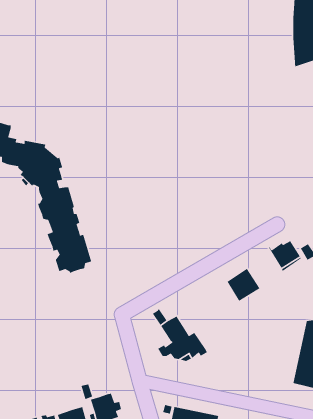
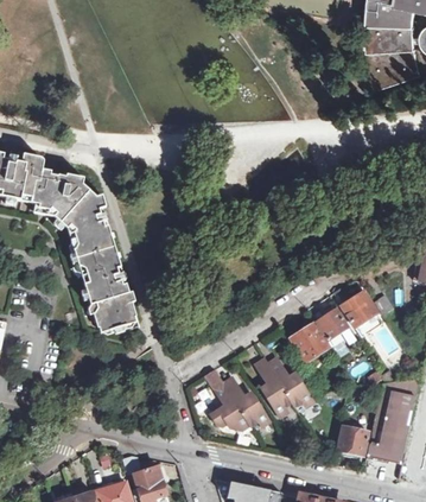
building: none -> [317,305,349,339]
building: none -> [256,358,314,418]
building: none -> [337,426,369,456]

